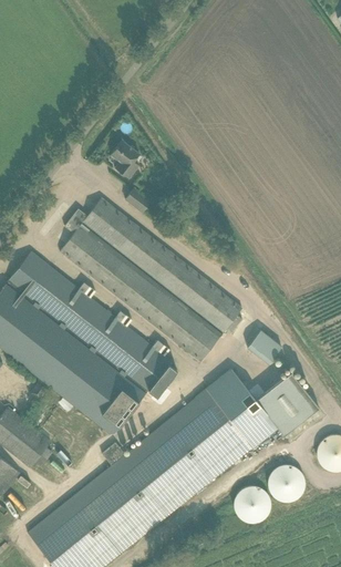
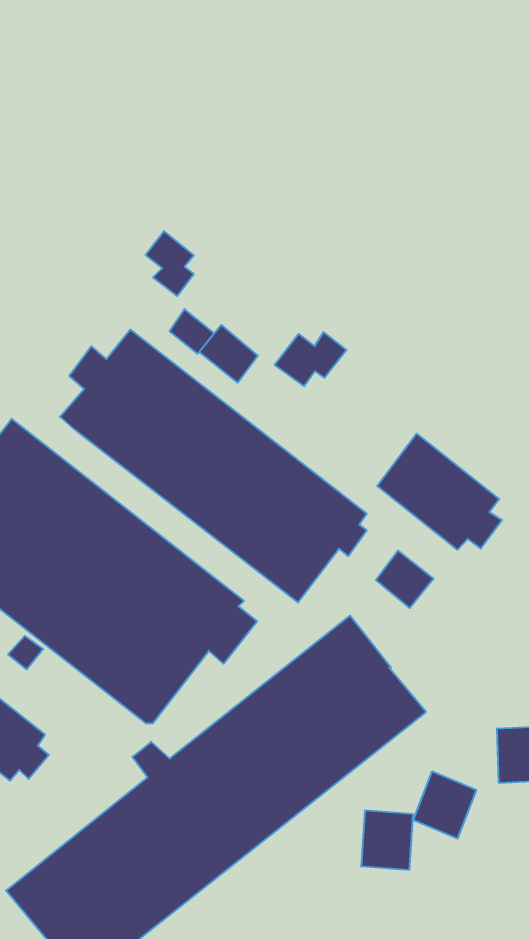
building: none -> [199,325,258,383]
building: none -> [275,332,347,386]
building: none -> [377,434,502,550]
building: [256,372,319,434] -> none

